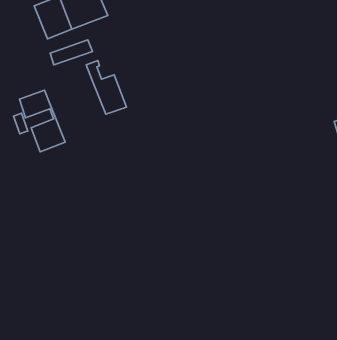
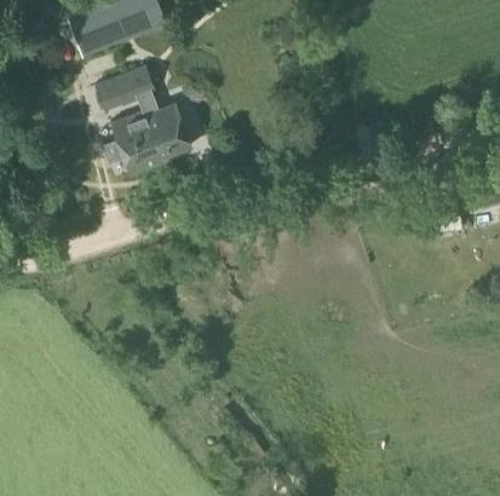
building: [19,90,65,152] -> [104,92,166,175]

